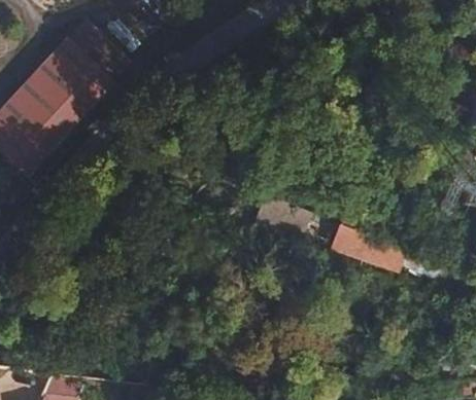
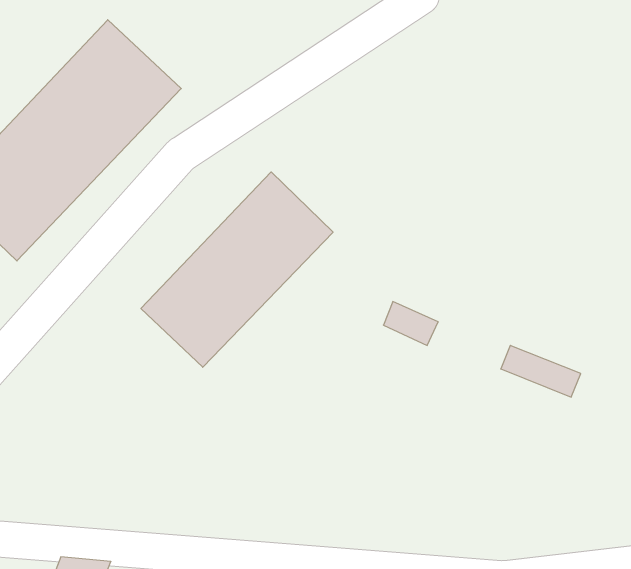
building: none -> [141,172,333,367]

